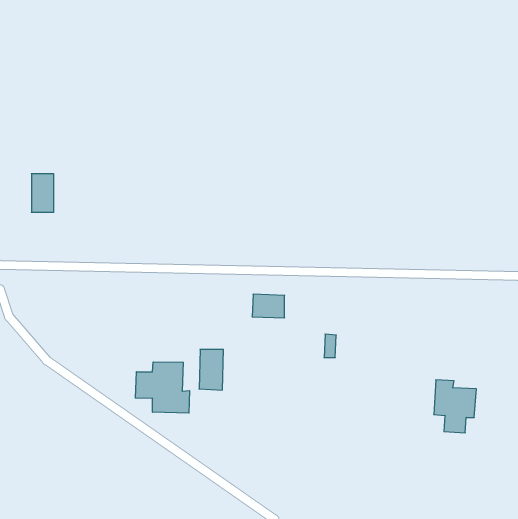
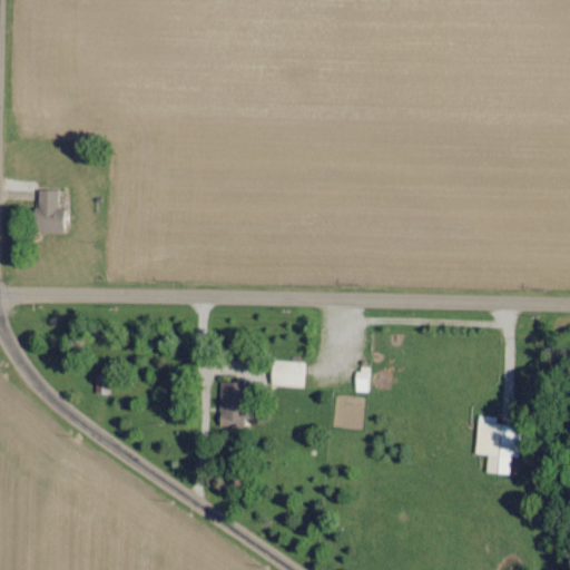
building: [252,294,285,318] -> [271,361,306,386]
building: [135,362,190,413] -> none

